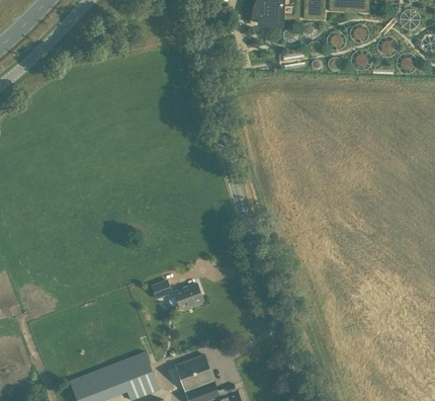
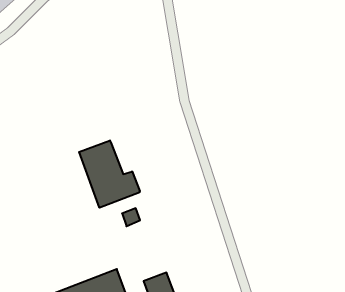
building: none -> [79,140,140,208]
building: [174,284,203,309] -> none

